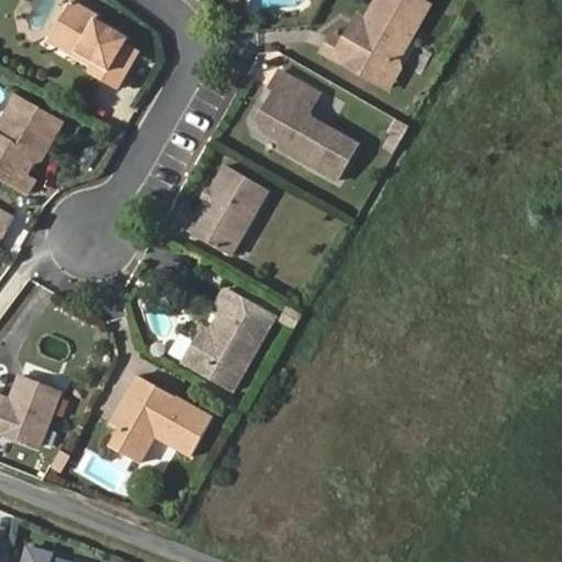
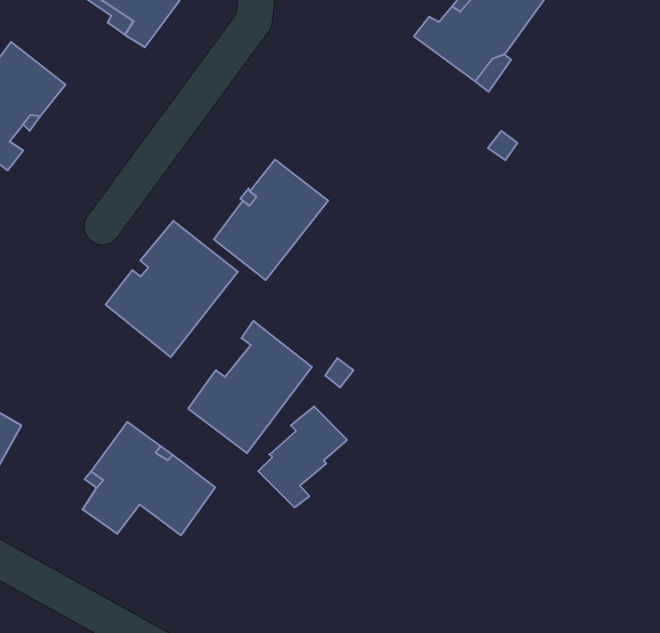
building: [257,70,357,181] -> none
building: none -> [106,221,238,357]
building: none -> [258,406,347,507]

